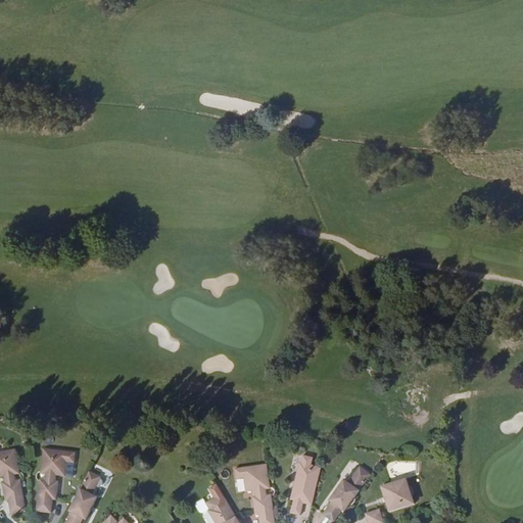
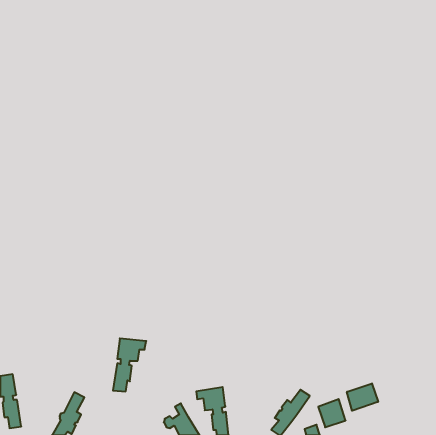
building: [36,447,76,511] -> [113,338,146,391]
building: [290,454,321,514] -> none
building: none -> [347,383,378,411]

